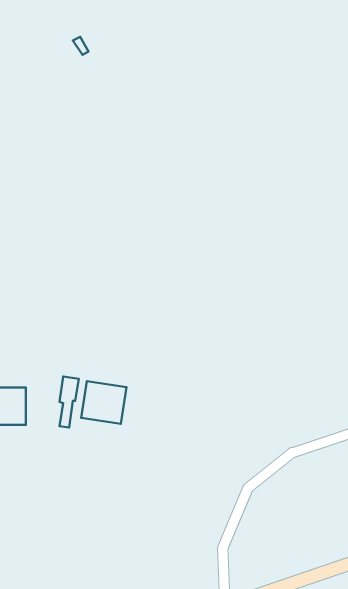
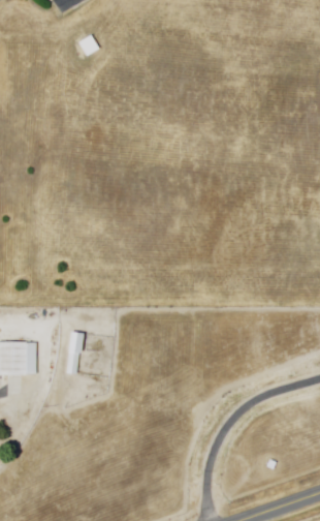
building: [81,381,126,424] -> none

